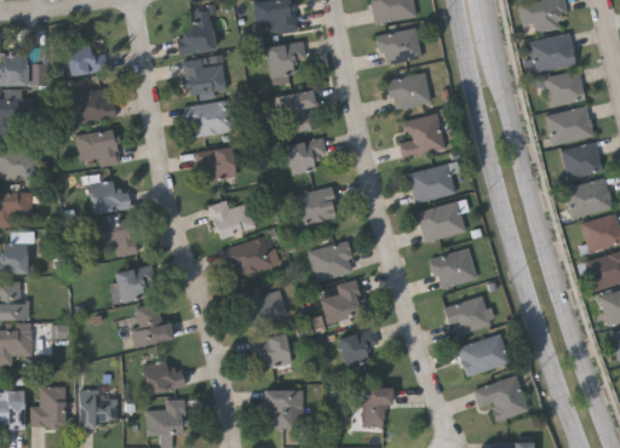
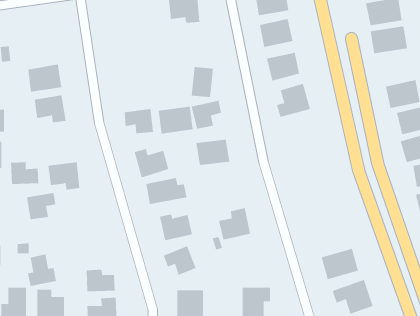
building: [177,18,217,54] -> none
building: [266,40,306,81] -> none
building: [67,44,108,74] -> none
building: [183,54,228,96] -> none
building: [542,71,584,109] -> none
building: [186,99,234,137] -> [158,106,193,134]
building: [409,162,458,202] -> none
building: [92,180,131,211] -> [10,162,39,184]
building: [418,200,466,240] -> none
building: [309,240,356,280] -> none
building: [432,247,477,287] -> none
building: [116,265,156,301] -> [26,193,56,220]
building: [444,293,495,337] -> none
building: [132,303,172,346] -> [27,254,57,287]
building: [337,327,380,367] -> none

